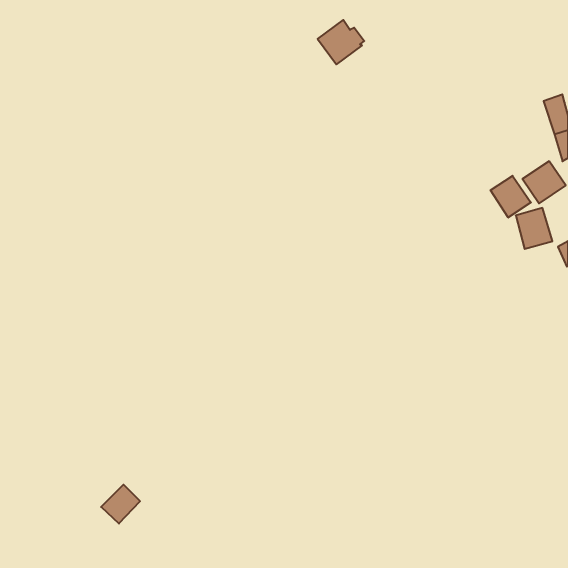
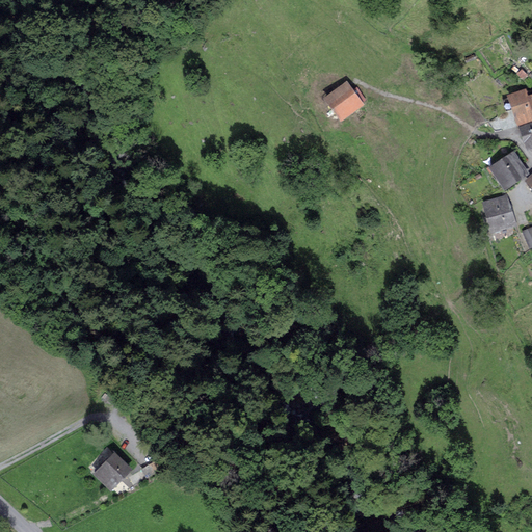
building: [318,20,364,64] -> [323,80,367,122]
building: [491,176,531,218] -> none

